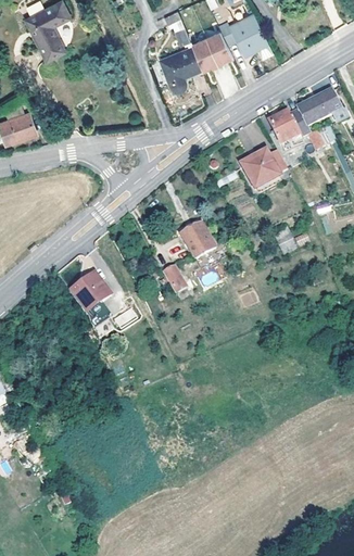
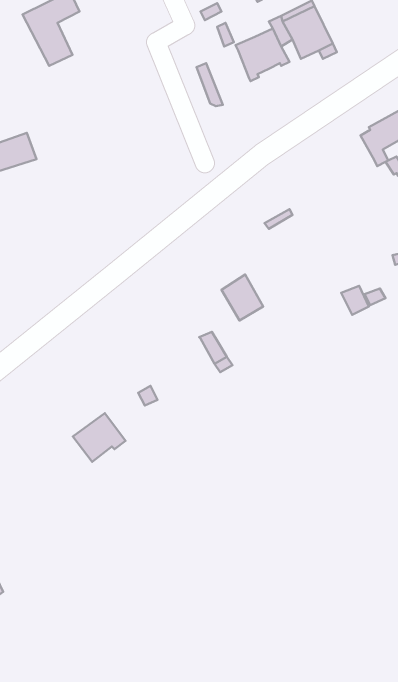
building: [169,48,203,90] -> none
building: [268,111,301,143] -> none
building: [242,150,288,189] -> none
building: [69,274,111,312] -> [73,413,126,462]

